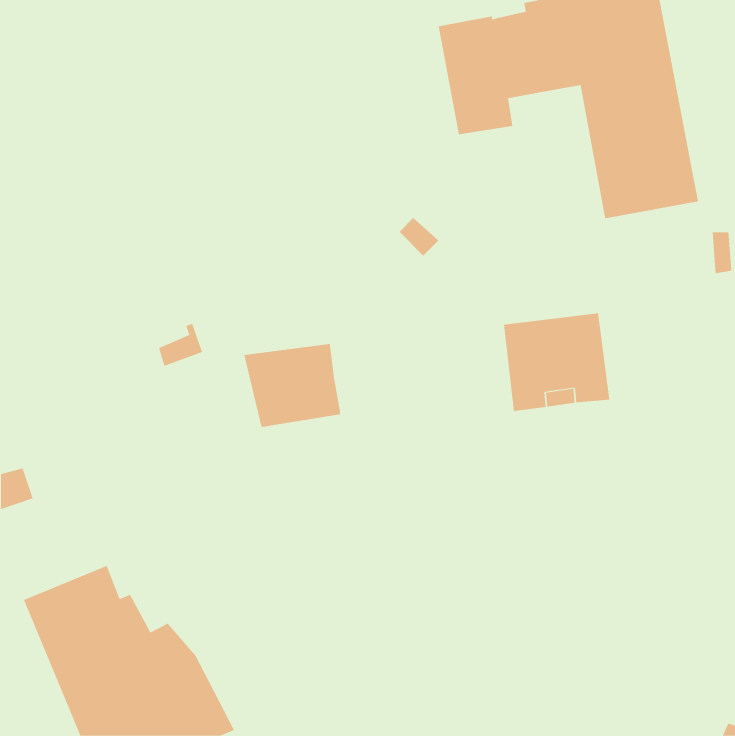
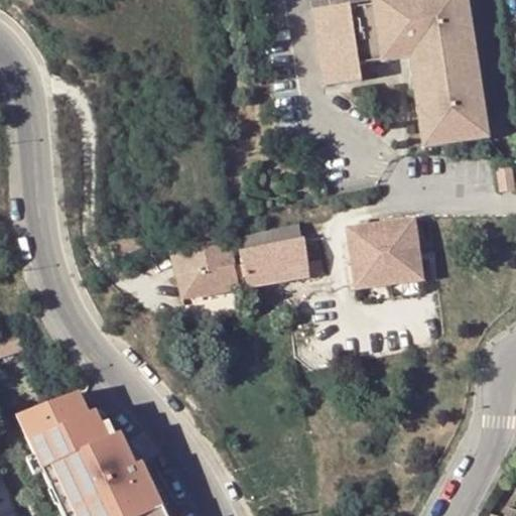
building: none -> [237,222,327,286]

